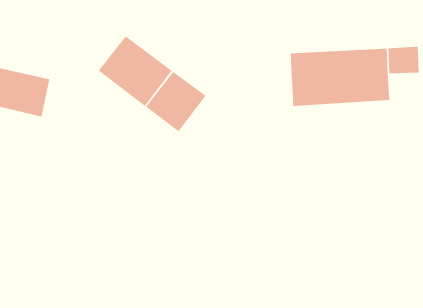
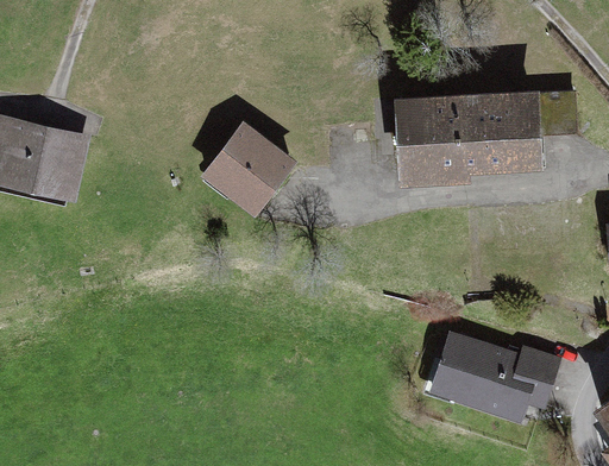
building: [98,35,173,107] -> none
building: none -> [433,332,557,416]

